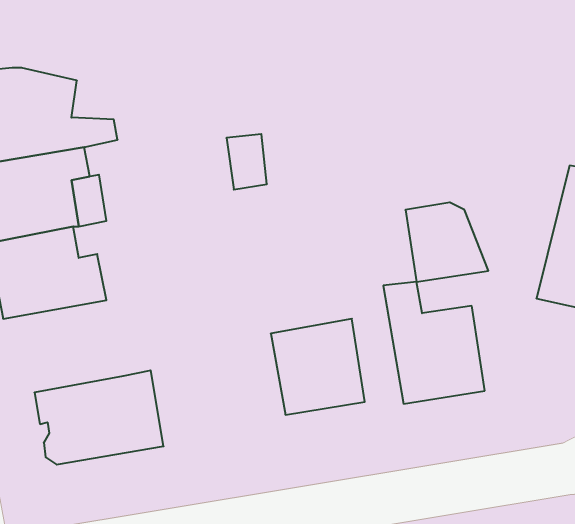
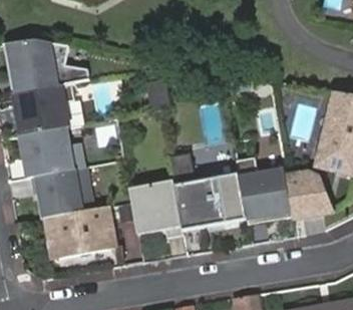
building: [405,202,488,282] -> [281,175,326,218]
building: none -> [29,169,90,219]
building: none -> [125,181,180,239]

